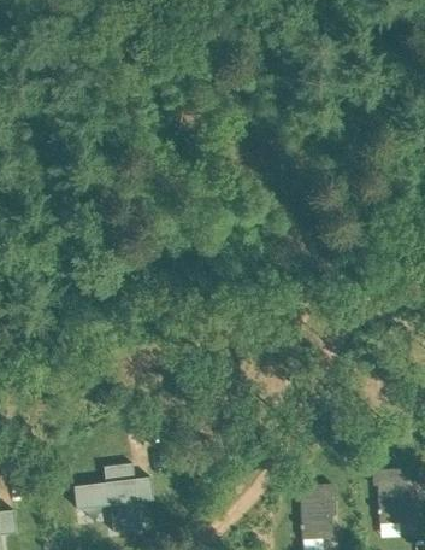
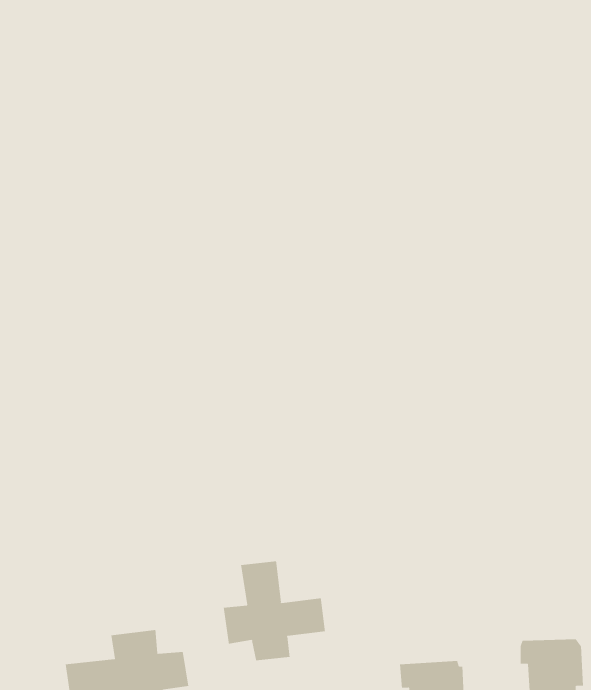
building: none -> [223,560,325,661]

